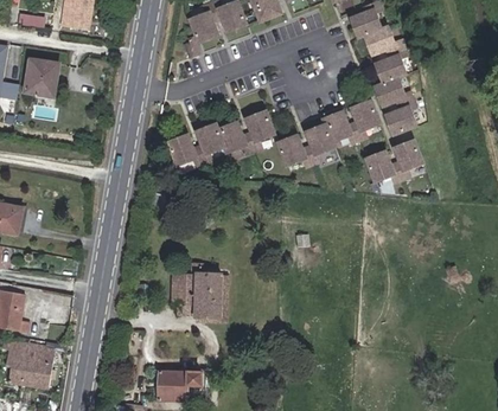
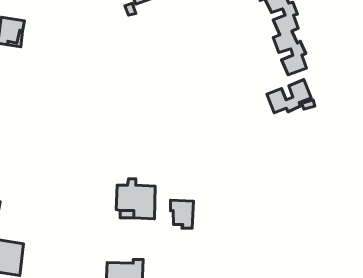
building: [276,99,379,166] -> none
building: [167,110,274,166] -> none
building: none -> [170,200,194,228]

